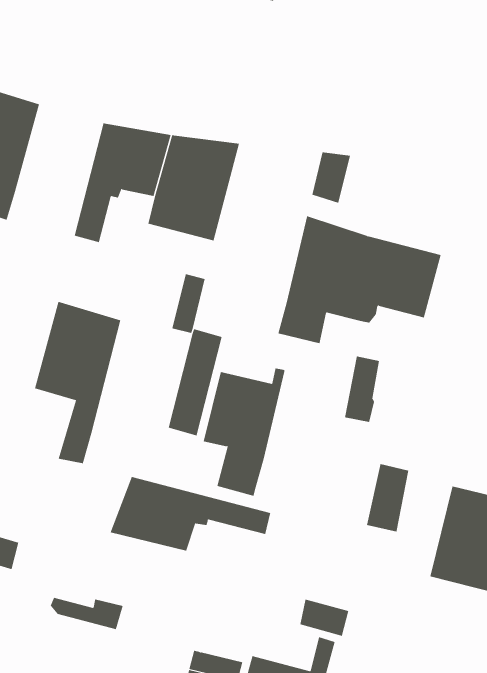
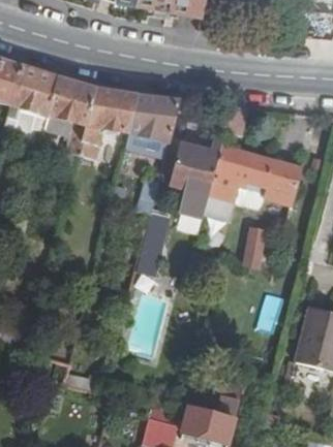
building: [34,301,121,464] -> [44,75,97,173]
building: [203,368,285,496] -> [171,140,220,218]
building: [110,476,271,552] -> none

